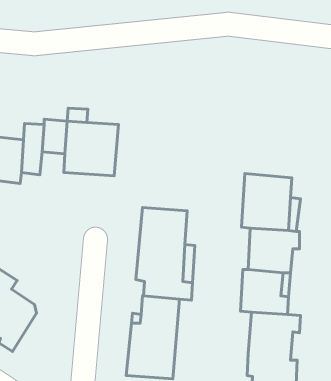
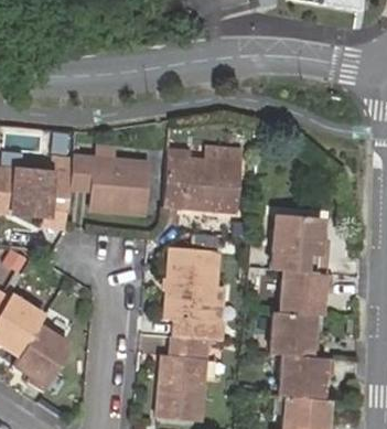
building: none -> [161,146,240,210]

